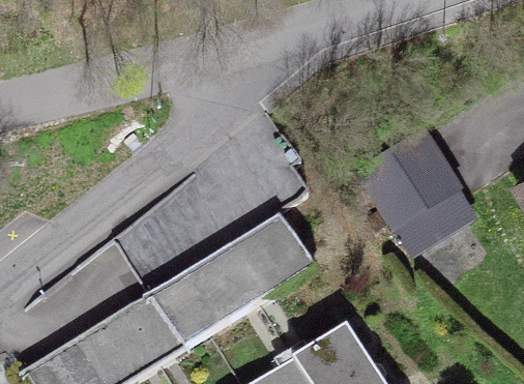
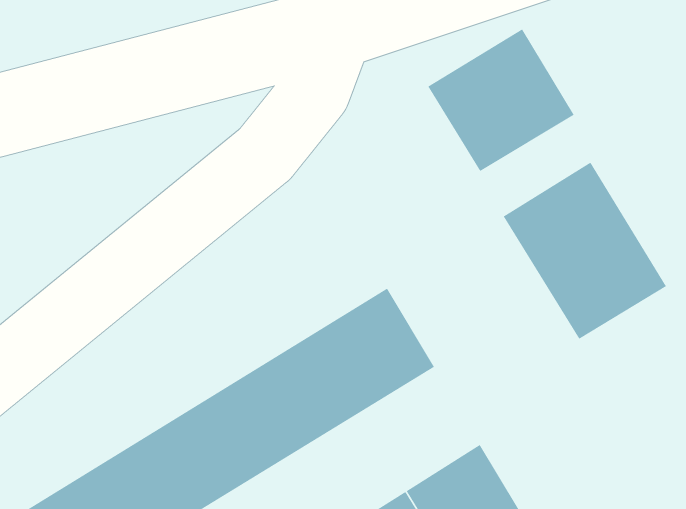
building: none -> [428,29,574,172]

